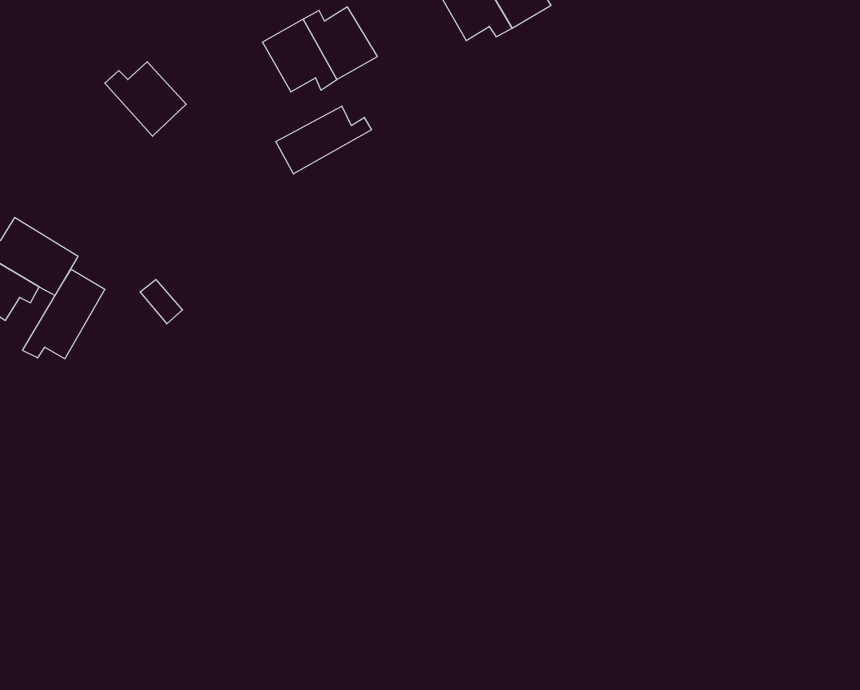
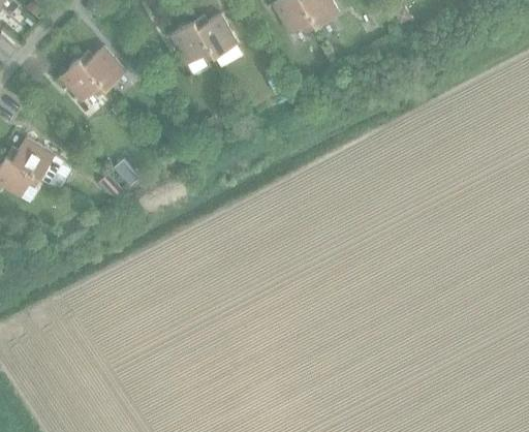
building: none -> [59,58,106,100]
building: [276,106,371,174] -> none
building: [23,269,105,359] -> none

